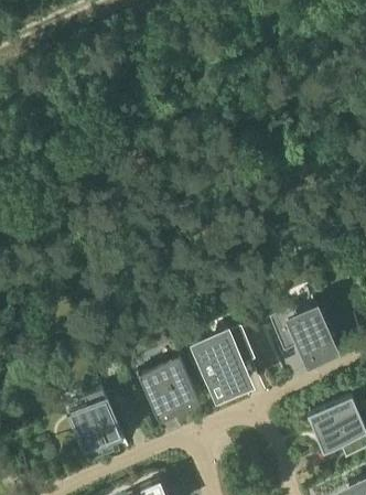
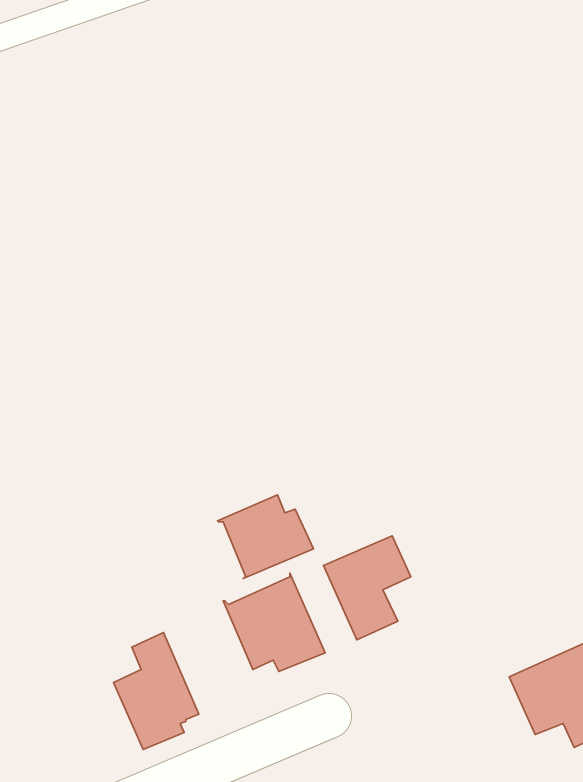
building: [269,306,335,364] -> none
building: none -> [217,495,314,578]

